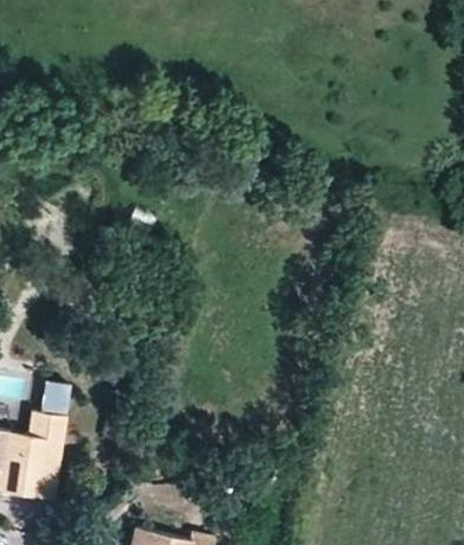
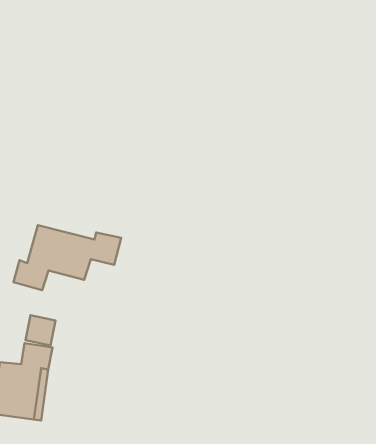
building: none -> [13,225,121,290]

